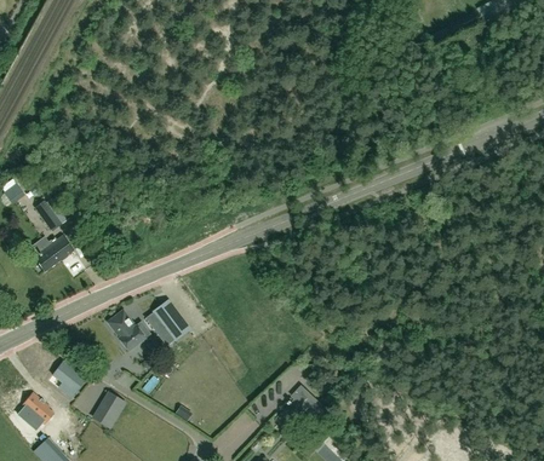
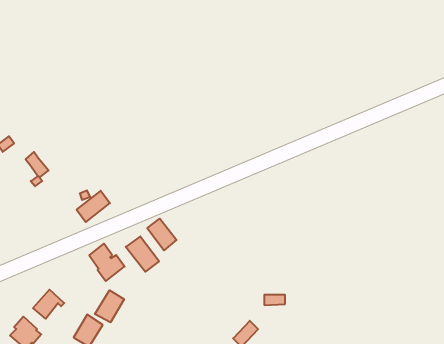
building: [34,236,73,272] -> [77,191,110,222]
building: none -> [147,219,177,250]
building: none -> [95,290,124,322]

